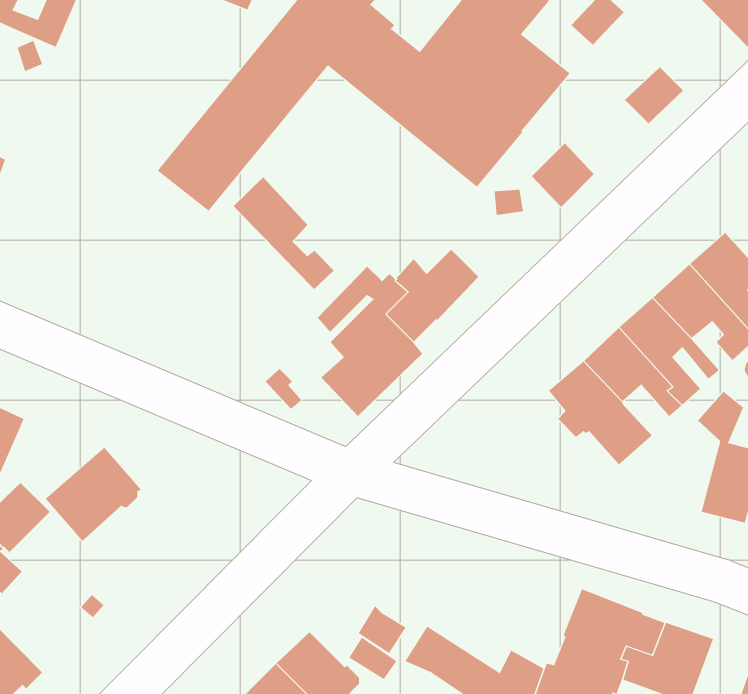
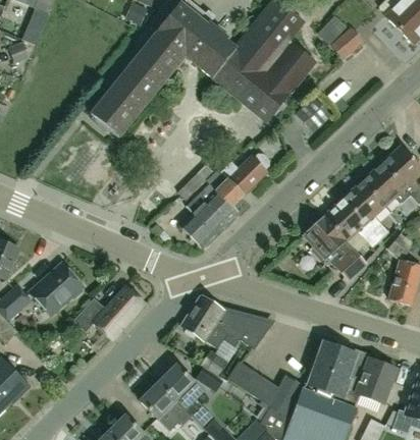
building: [624,66,684,124] -> [332,25,365,57]
building: [233,177,334,290] -> none
building: none -> [73,286,144,338]
building: none -> [182,297,270,348]

